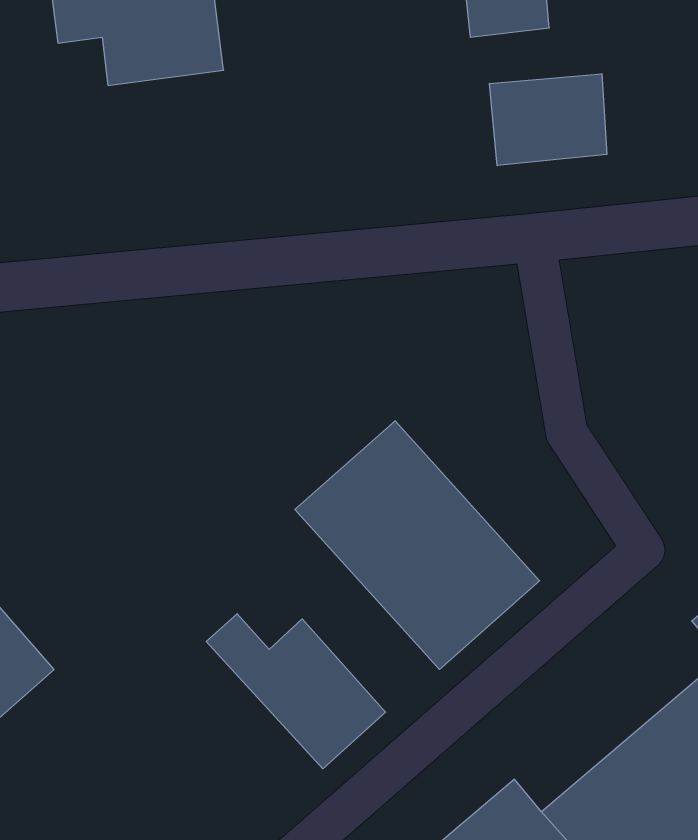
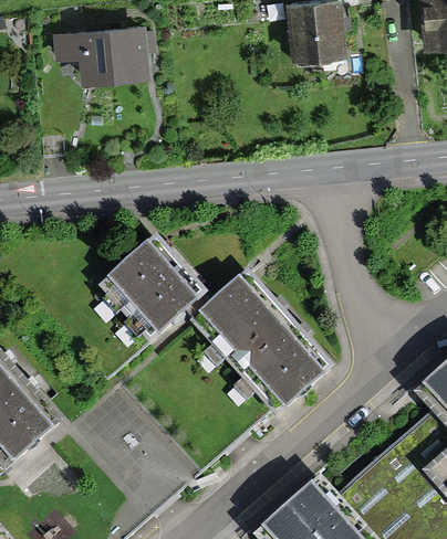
building: [489,74,607,166] -> none
building: none -> [101,242,205,345]
building: [206,614,386,769] -> none

